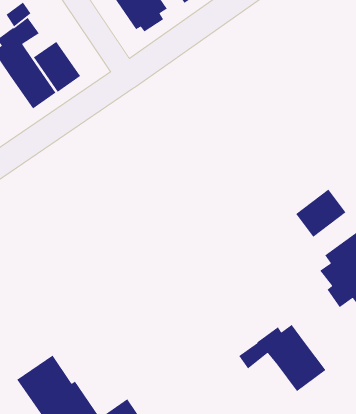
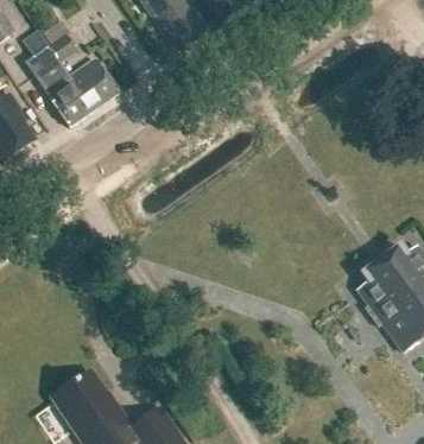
building: [295,189,347,238] -> none
building: [238,324,327,392] -> none

